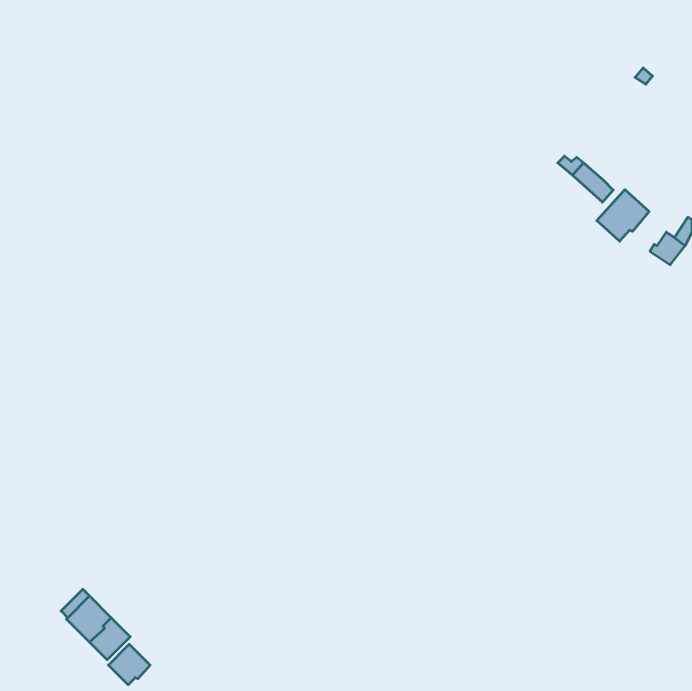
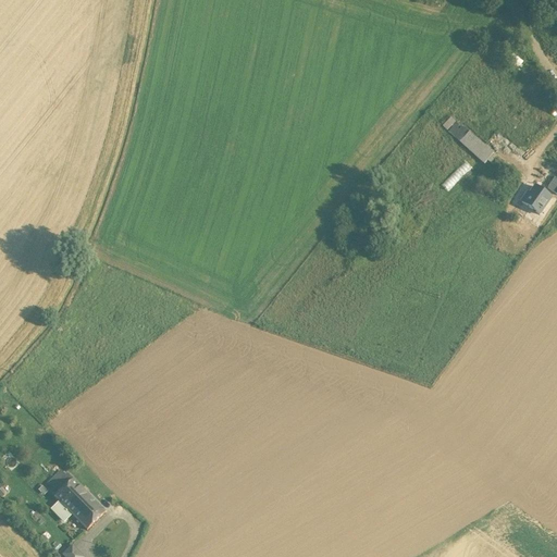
building: [597,190,649,241] -> none
building: [108,644,150,685] -> none

